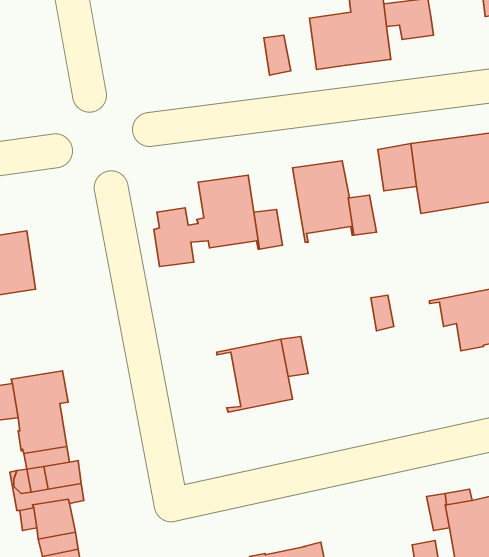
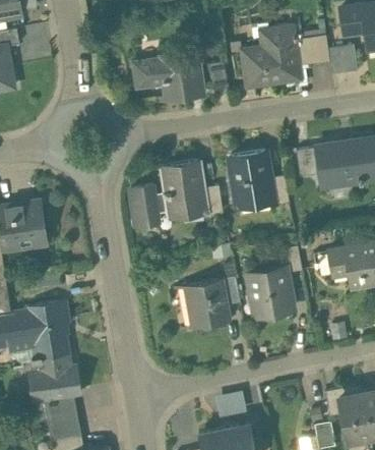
building: none -> [327,46,357,75]
building: none -> [133,53,201,101]
building: none -> [248,269,292,317]
building: none -> [218,392,247,420]

